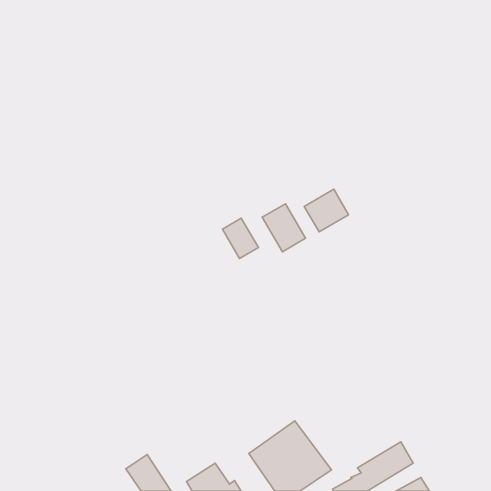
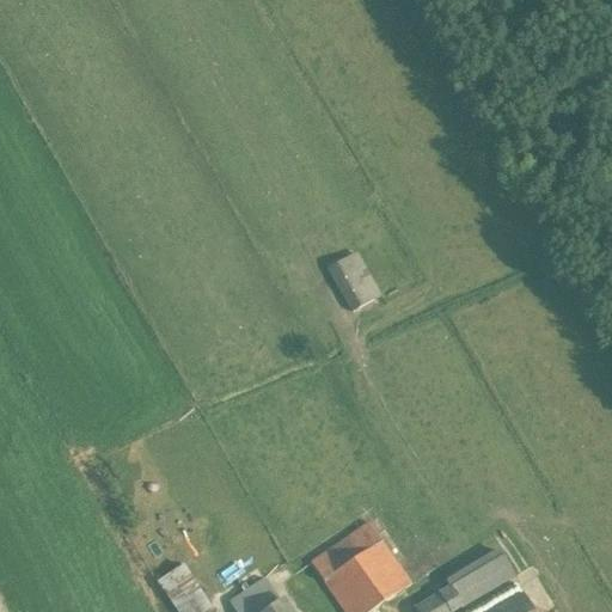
building: [304,189,349,232] -> none
building: [222,218,258,259] -> none

